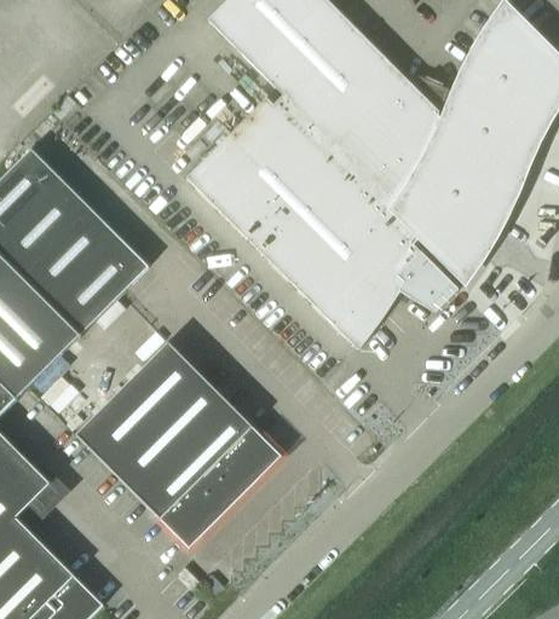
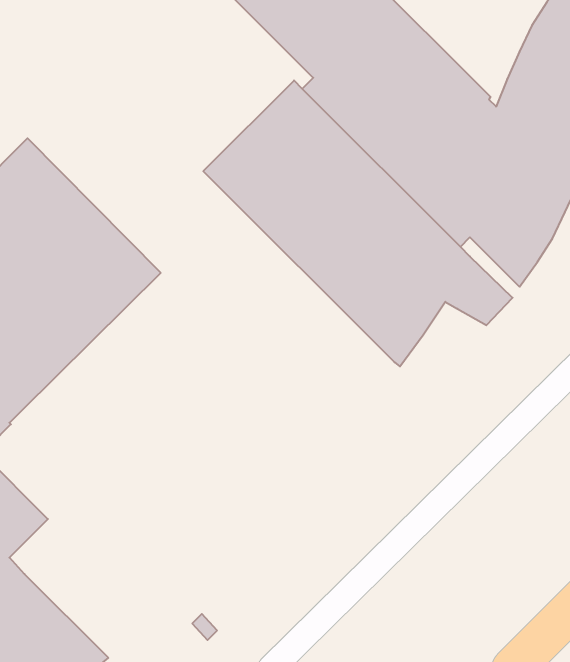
building: [76,341,281,546] -> none

